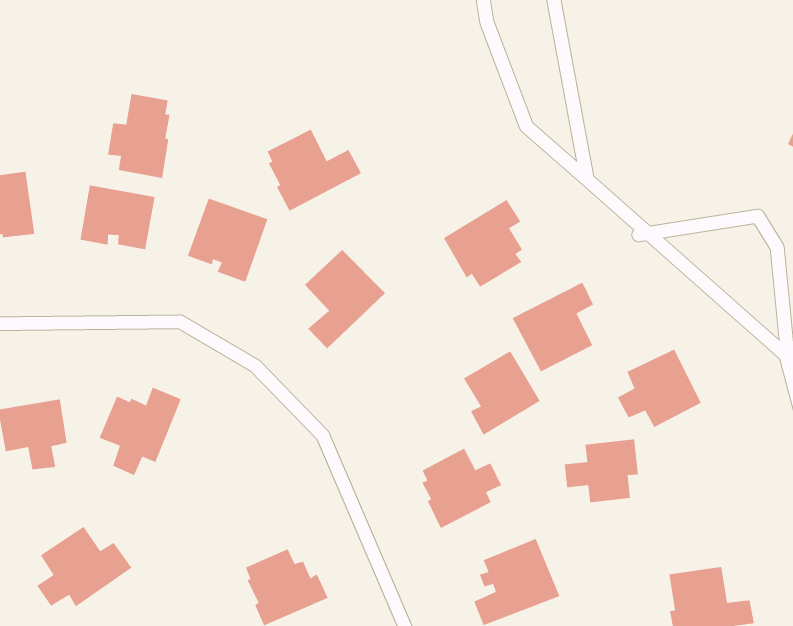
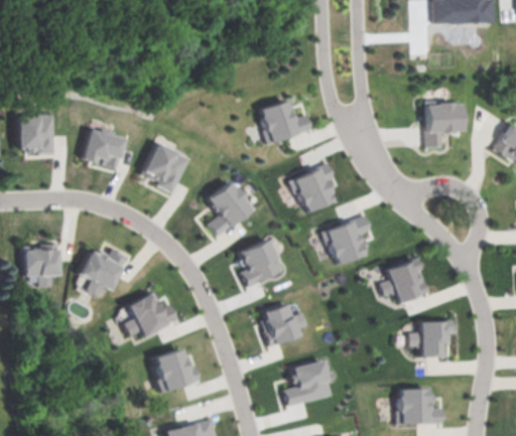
building: none -> [424,104,459,147]
building: [107,93,171,179] -> none
building: [266,128,362,212] -> [259,99,312,145]
building: [463,350,541,436] -> [238,239,281,286]
building: [564,438,639,503] -> [407,321,449,355]
building: [36,526,132,607] -> [122,291,178,337]

